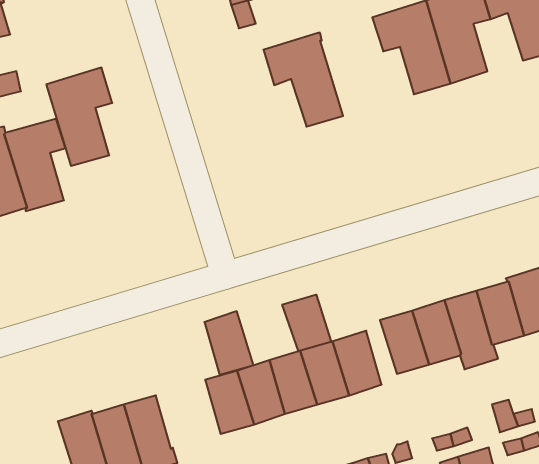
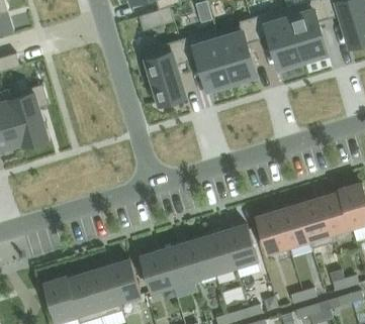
building: none -> [216,18,258,83]
building: [46,68,112,166] -> [143,39,186,104]
building: [282,295,331,351] -> none
building: [204,311,254,376] -> [108,259,141,302]

